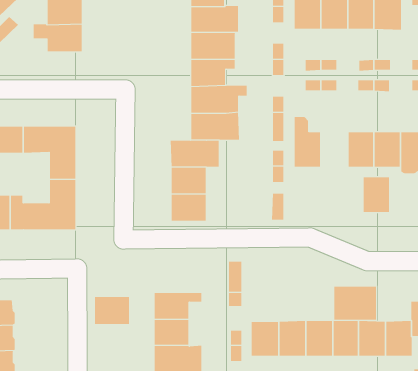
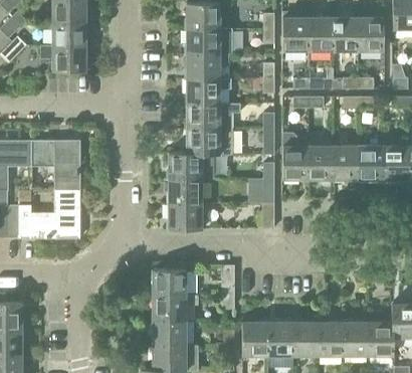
building: [363,177,390,212] -> [307,146,333,179]
building: [334,286,376,320] -> none
building: [94,297,130,325] -> [152,269,185,296]

